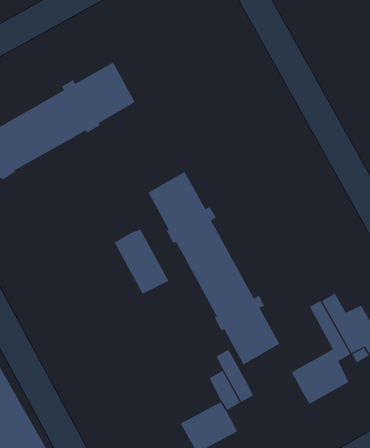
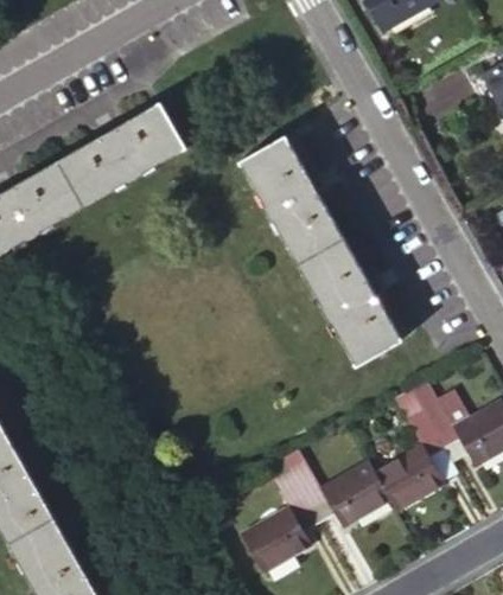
building: [148,171,280,365] -> [241,137,397,366]
building: [114,229,169,295] -> none
building: none -> [321,461,387,523]

